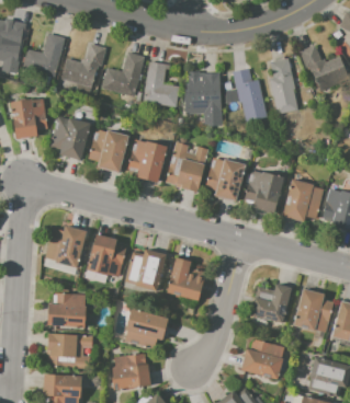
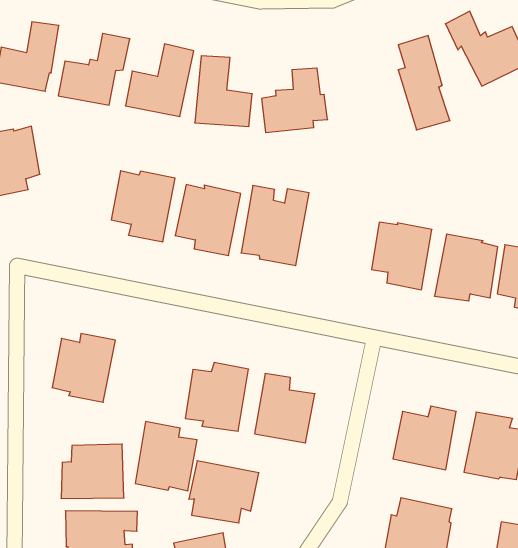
building: [233,68,267,122] -> none
building: [49,116,90,160] -> none
building: [204,158,246,201] -> none
building: [87,233,126,277] -> [135,422,197,491]

